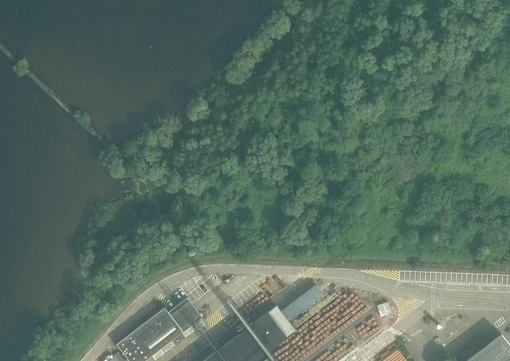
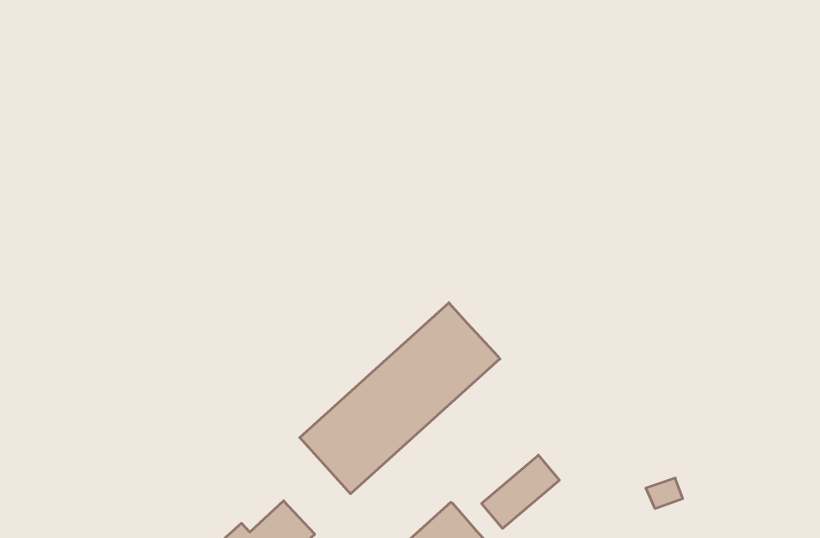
building: none -> [300,303,500,494]

